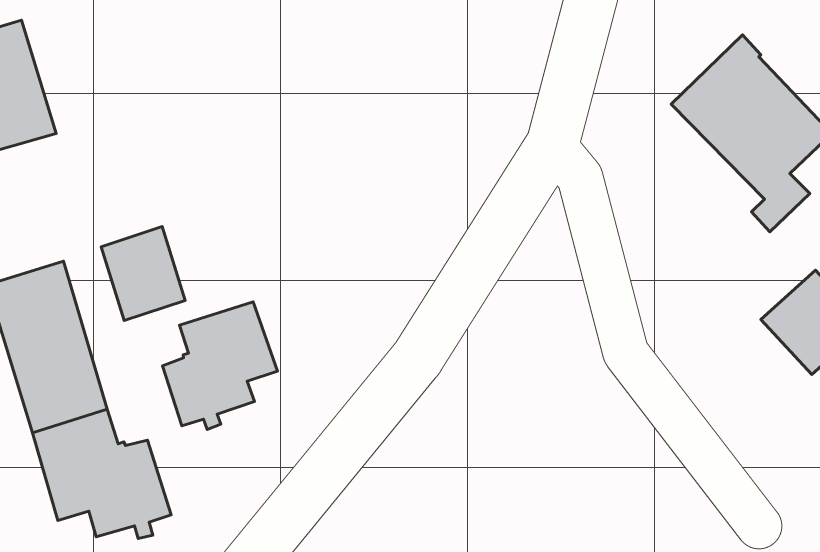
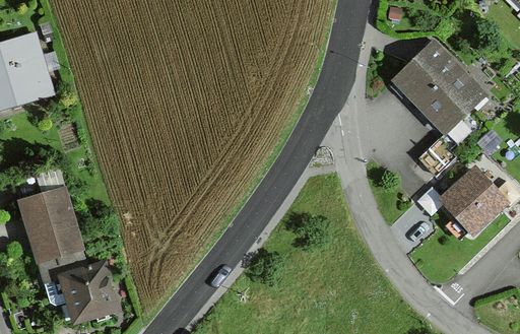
building: [101,226,185,321] -> none
building: [163,302,277,429] -> none

